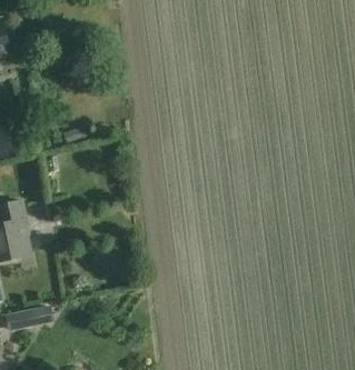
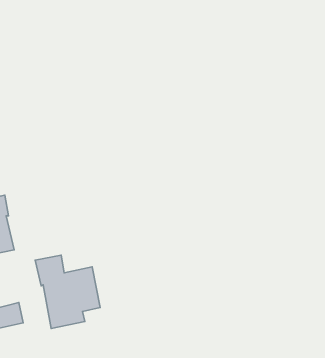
building: none -> [35,255,100,329]

